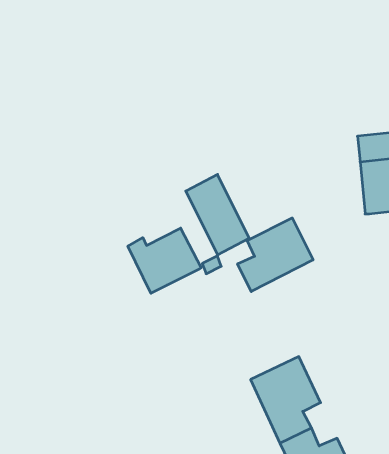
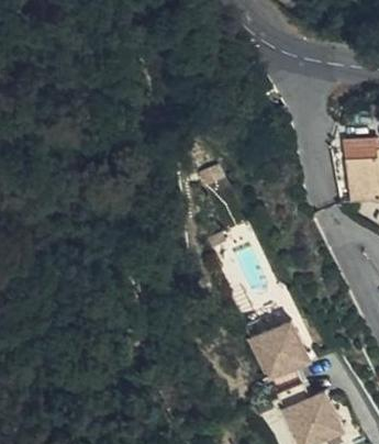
building: [238,218,313,292] -> none
building: [128,228,201,293] -> none

